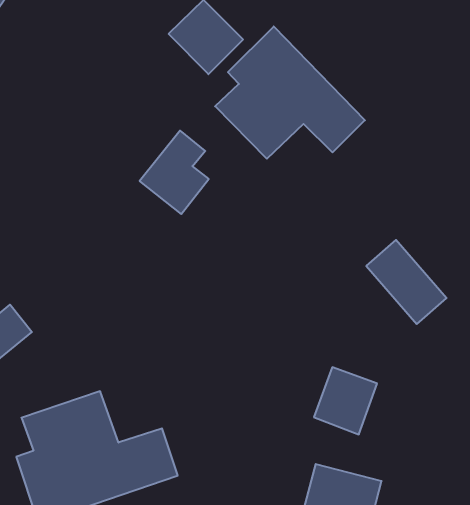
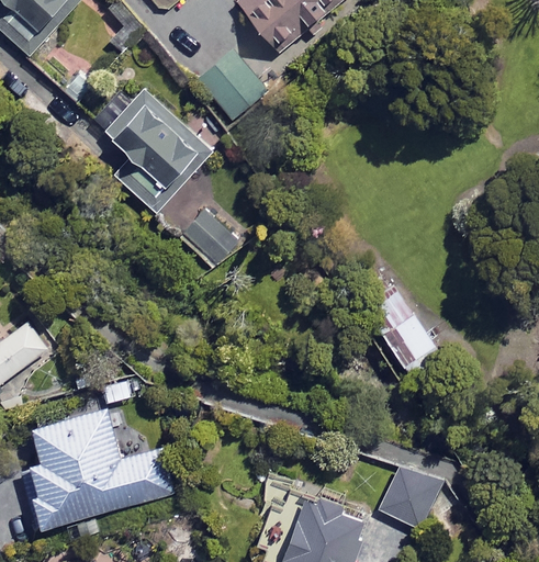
building: [215,26,365,159] -> none
building: none -> [104,91,199,184]
building: [314,367,377,434] -> [381,467,442,531]

